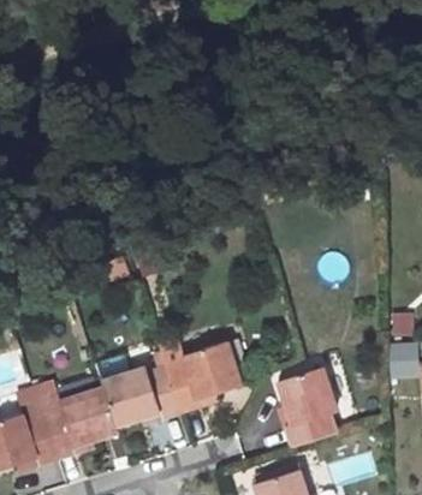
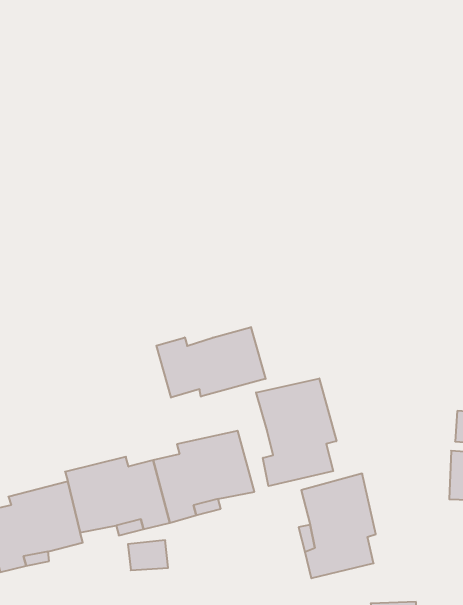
building: none -> [156,327,266,398]
building: none -> [256,378,336,486]

